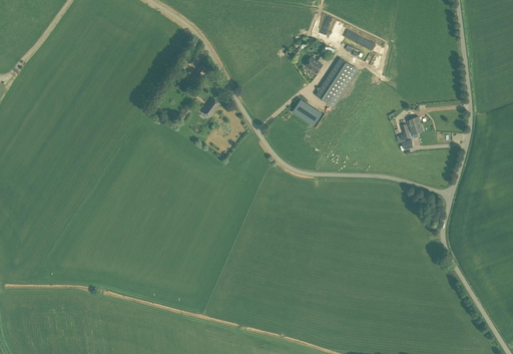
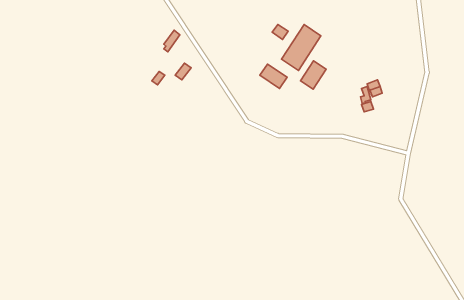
building: none -> [301,61,326,89]

